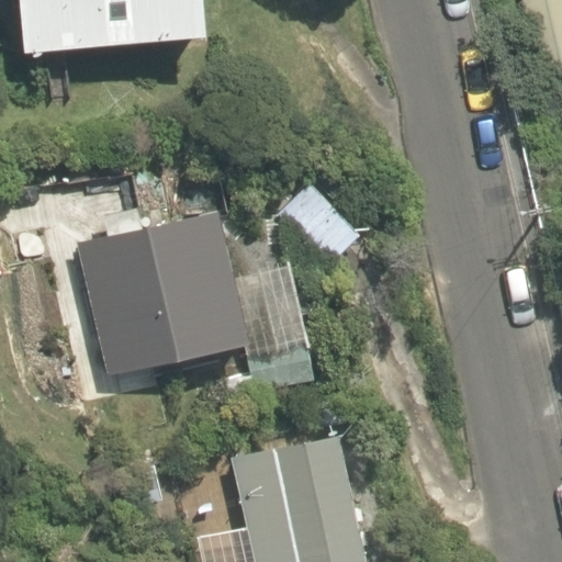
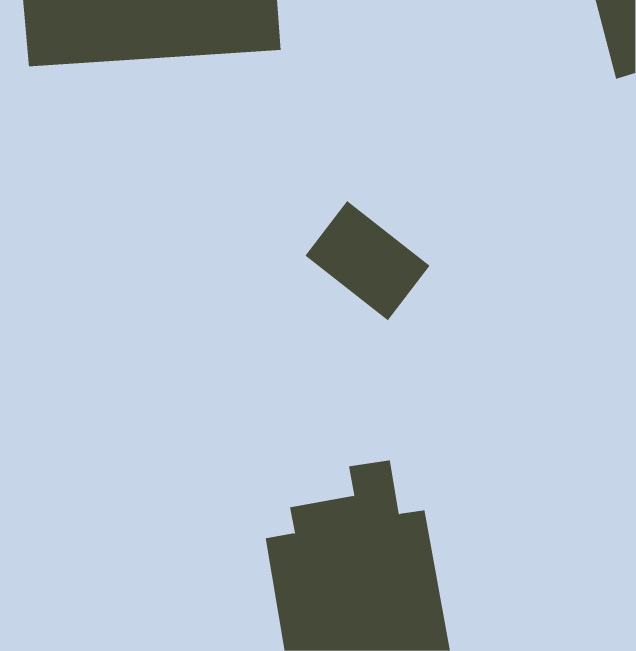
building: [71,211,256,375] -> none

